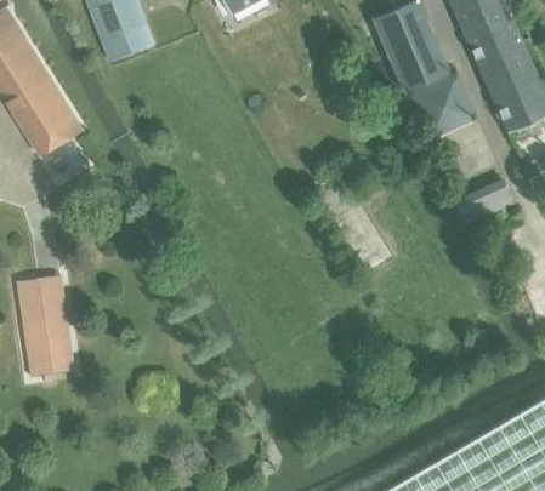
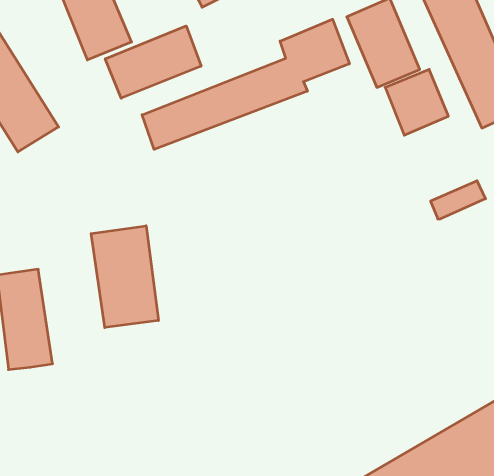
building: none -> [142,19,349,149]
building: none -> [105,26,201,98]
building: none -> [91,226,158,328]

